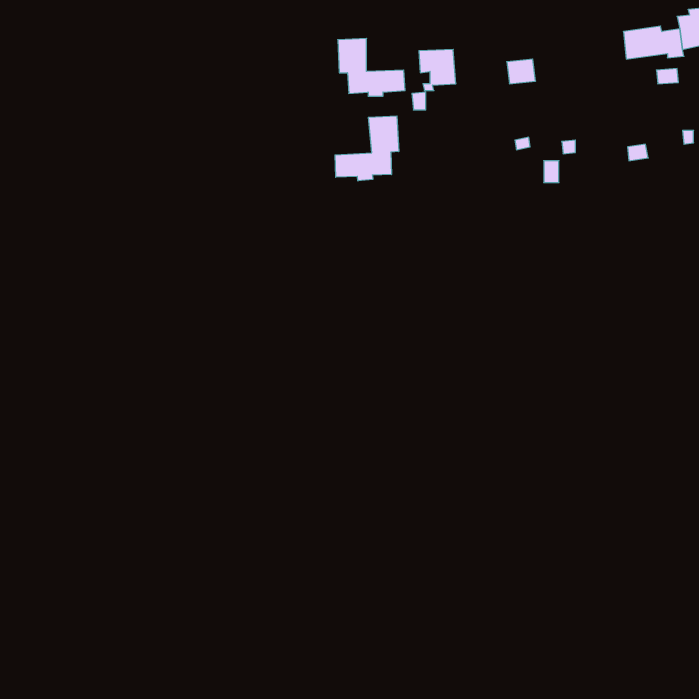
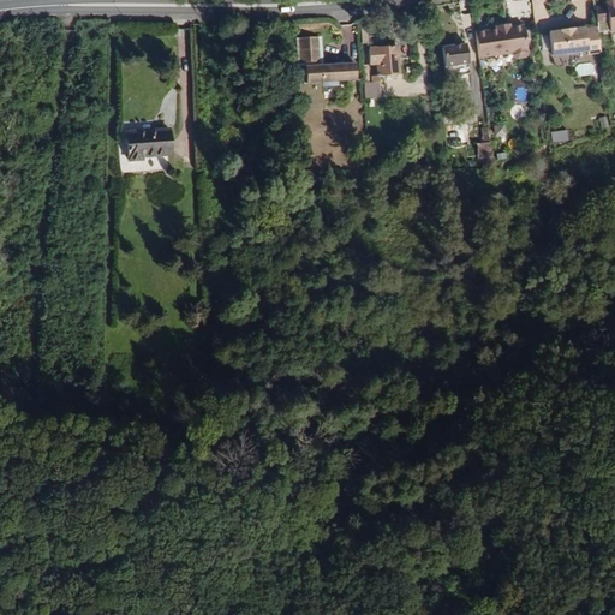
building: none -> [478,34,530,68]
building: [335,116,399,181] -> none
building: none -> [127,126,172,159]

